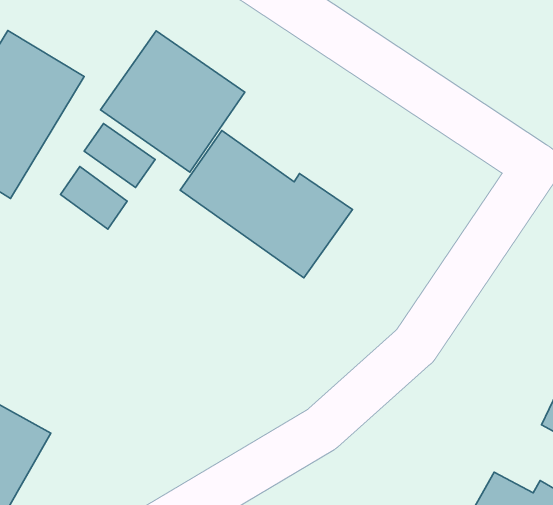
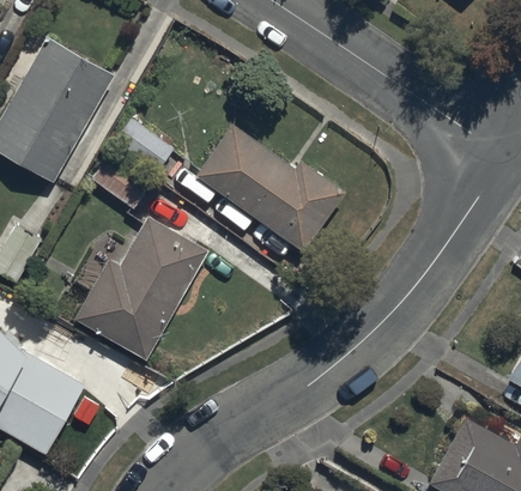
building: [101,31,245,172] -> none
building: none -> [75,217,208,359]

